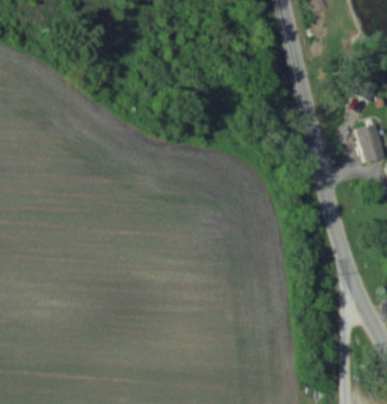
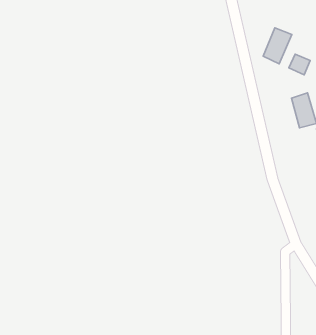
building: none -> [263,28,292,64]

